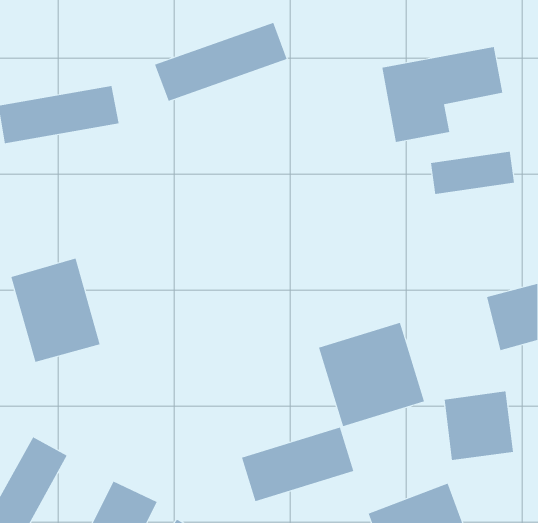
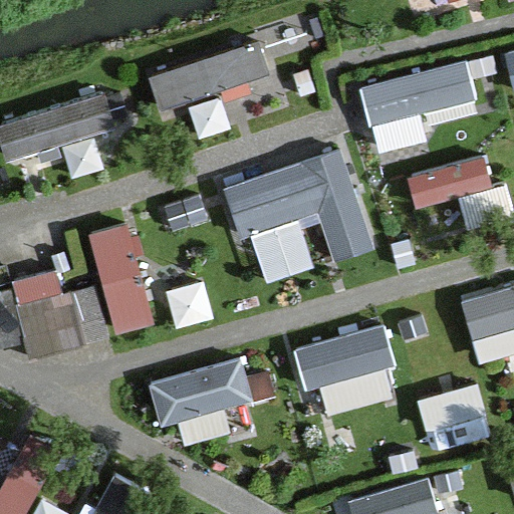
building: none -> [229,147,374,285]
building: none -> [84,221,161,337]
building: [241,427,354,502] -> [148,354,255,426]

